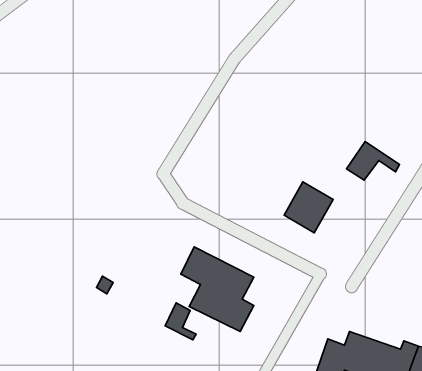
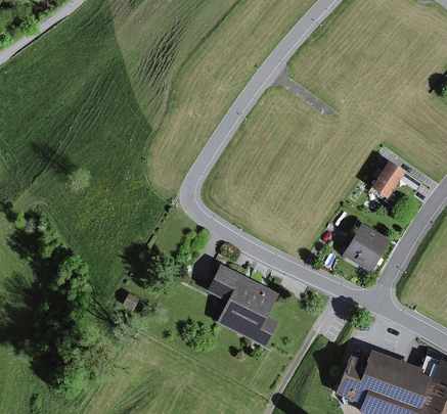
building: [284,182,333,233] -> [343,223,391,273]
building: [165,303,196,340] -> none

